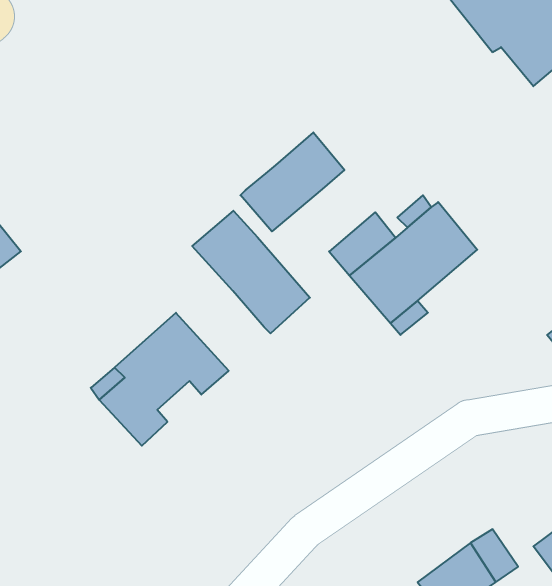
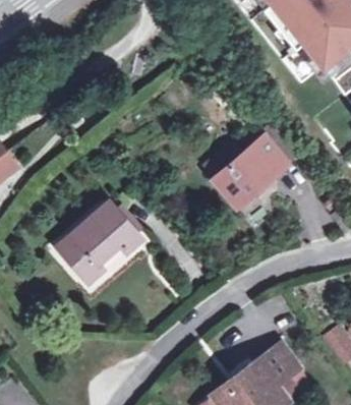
building: [240,132,344,231] -> none
building: [192,211,310,333] -> none

